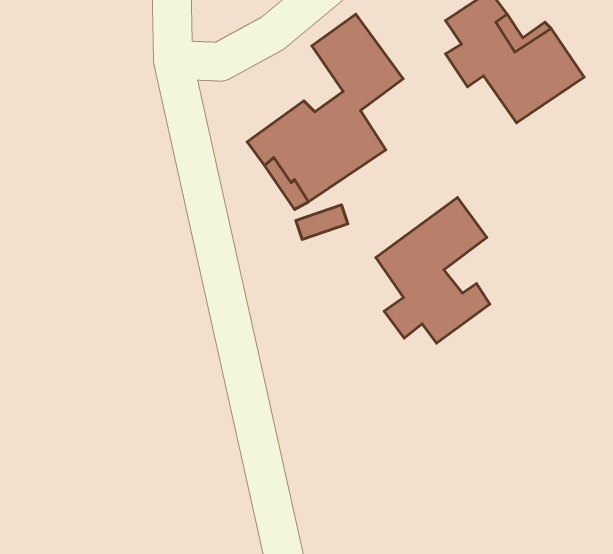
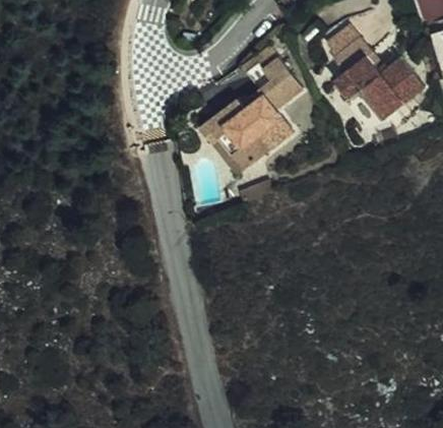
building: [376,198,490,343] -> none

